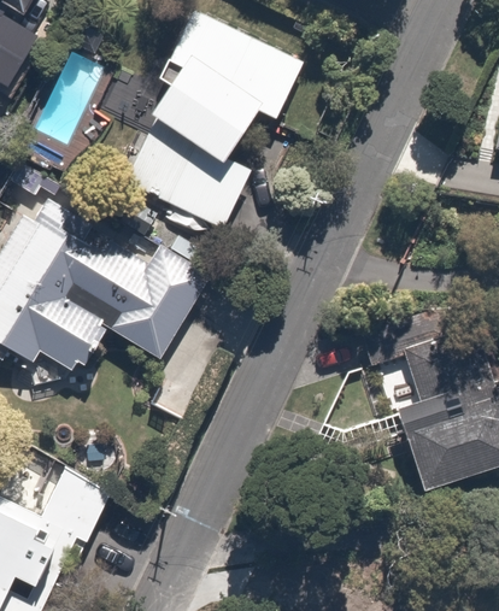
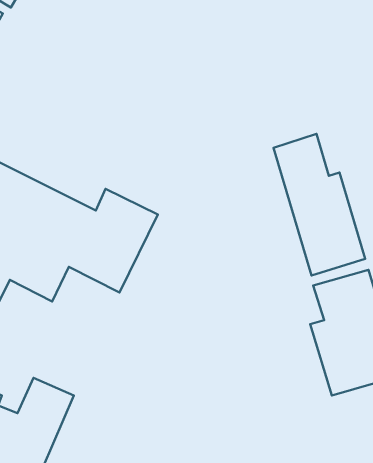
building: [119,14,299,224] -> none
building: none -> [273,134,365,276]

